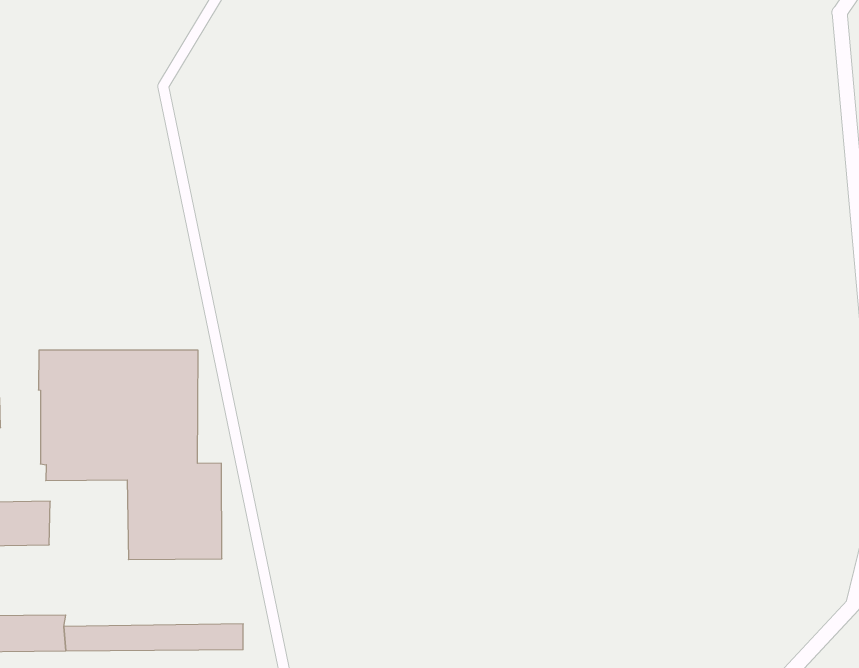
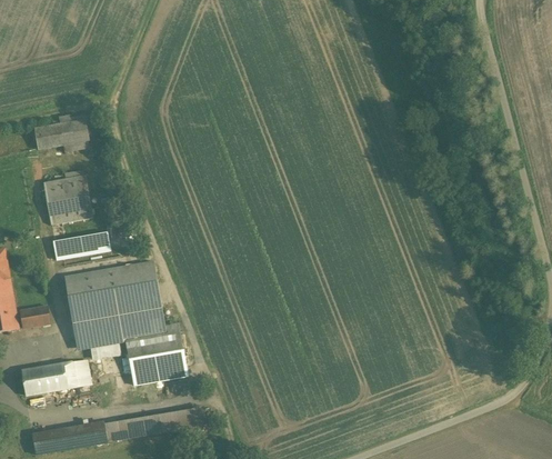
building: none -> [36,113,79,144]
building: none -> [48,167,97,219]
building: none -> [52,232,108,259]

